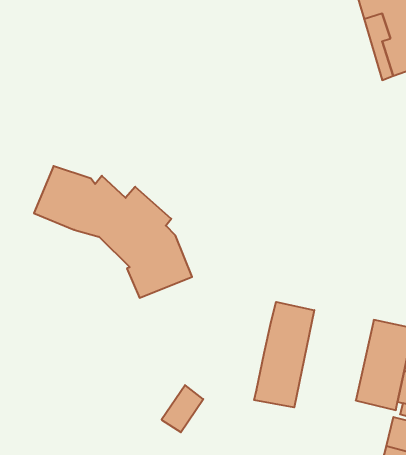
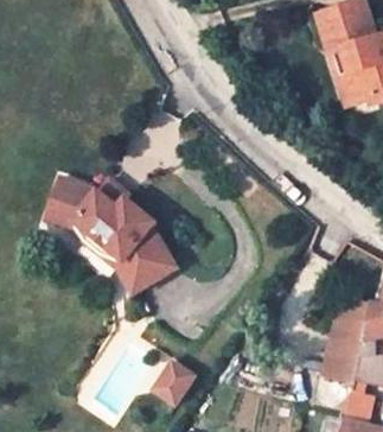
building: [254,302,314,407] -> none

